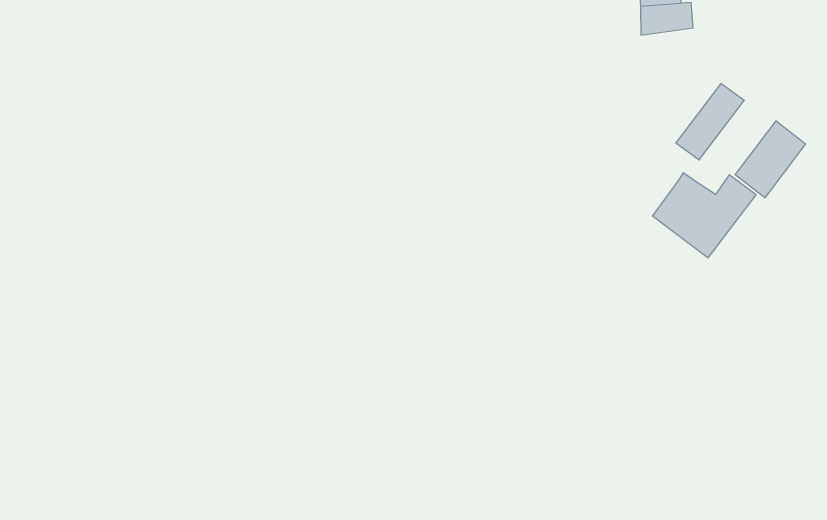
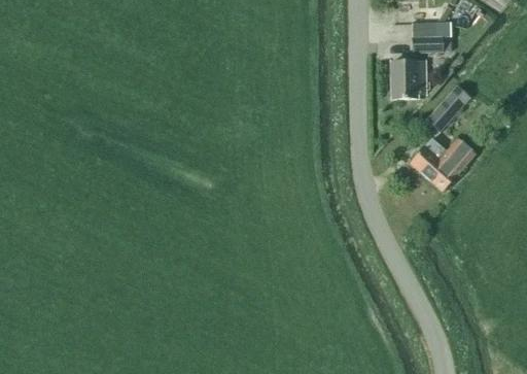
building: none -> [391,61,426,99]
building: [735,121,806,198] -> none

